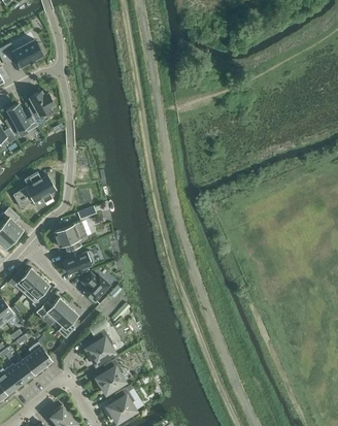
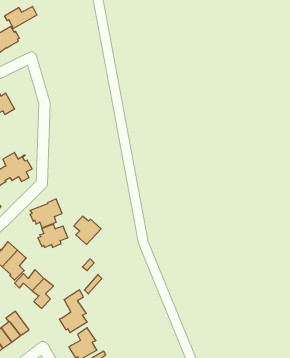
building: none -> [5,6,37,28]
building: [29,91,55,125] -> none
building: [81,272,110,302] -> [74,216,101,244]

